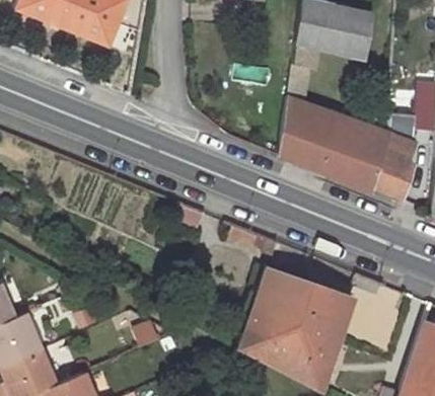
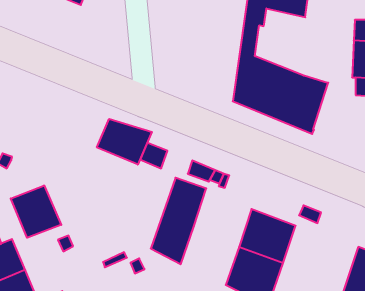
building: [373,114,417,200] -> none
building: none -> [97,119,152,165]
building: none -> [11,185,61,238]
building: [238,266,302,366] -> [151,178,206,264]

